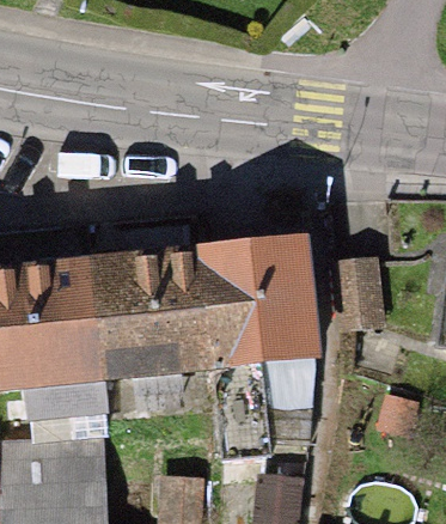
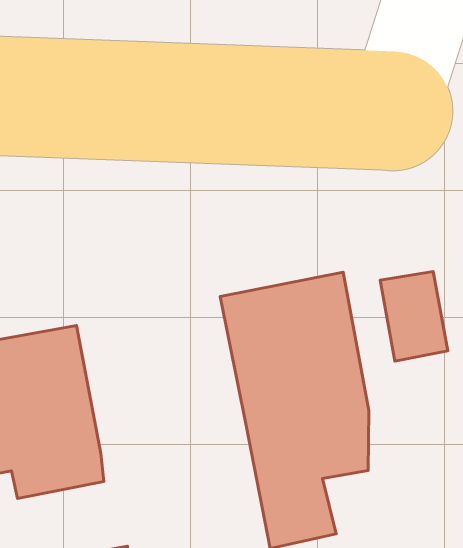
building: [87,246,215,372] -> none

